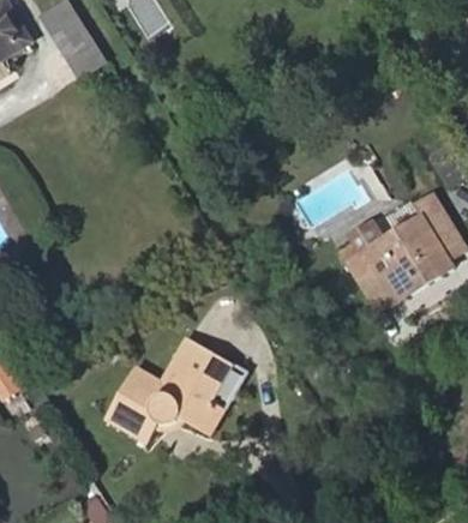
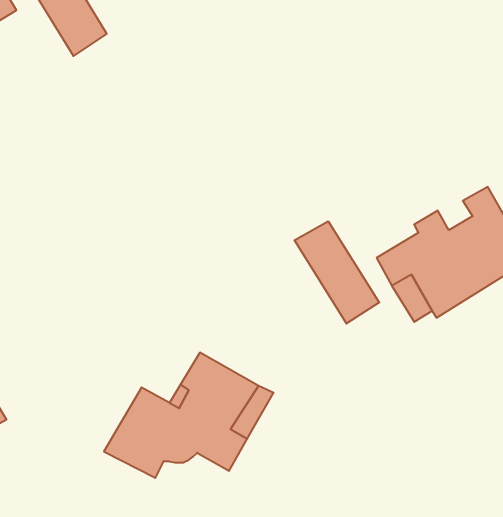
building: none -> [295,221,379,324]

